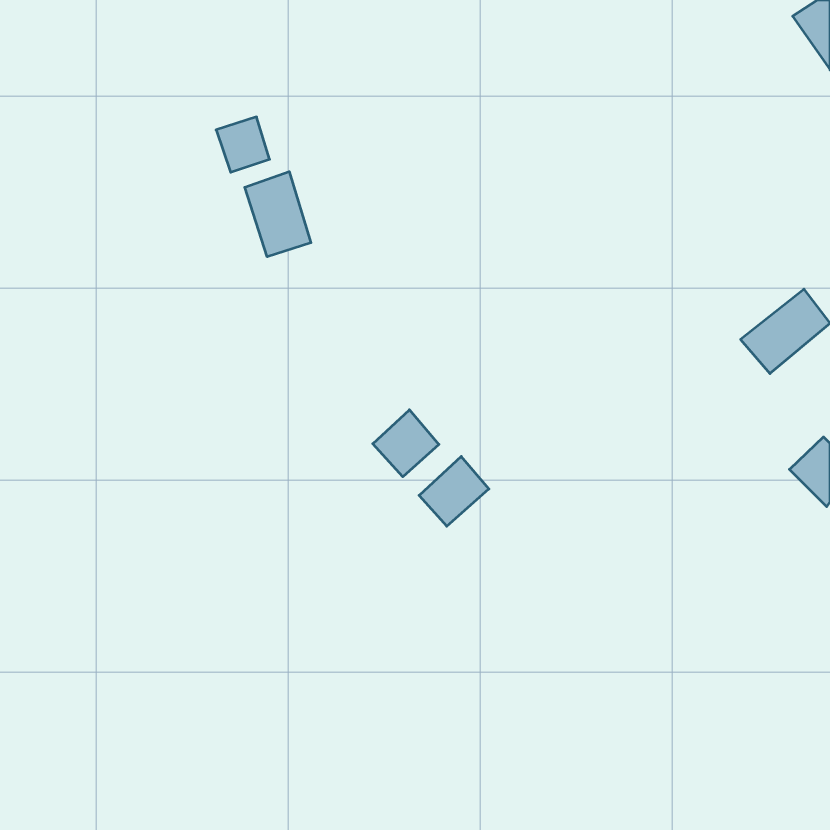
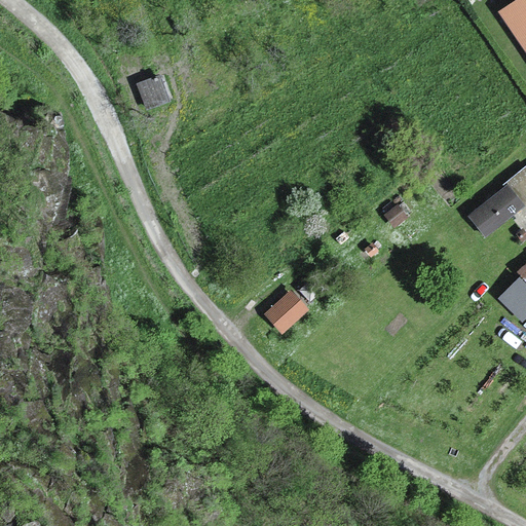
building: [245,172,311,257] -> none
building: [373,410,439,477] -> none

